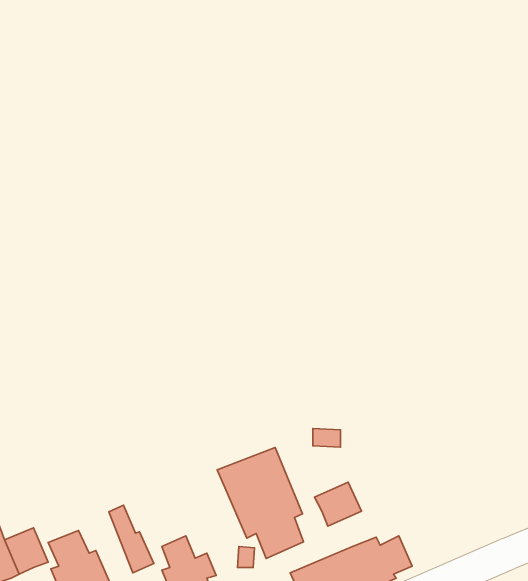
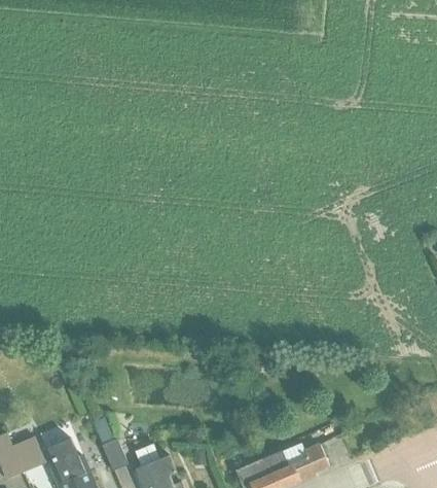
building: [217,447,303,558] -> none
building: [315,482,362,526] -> none

